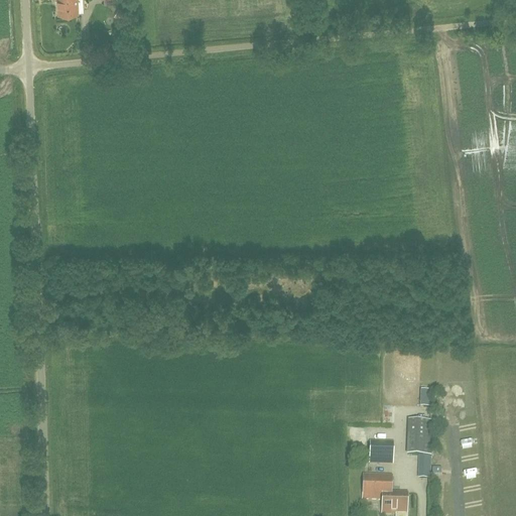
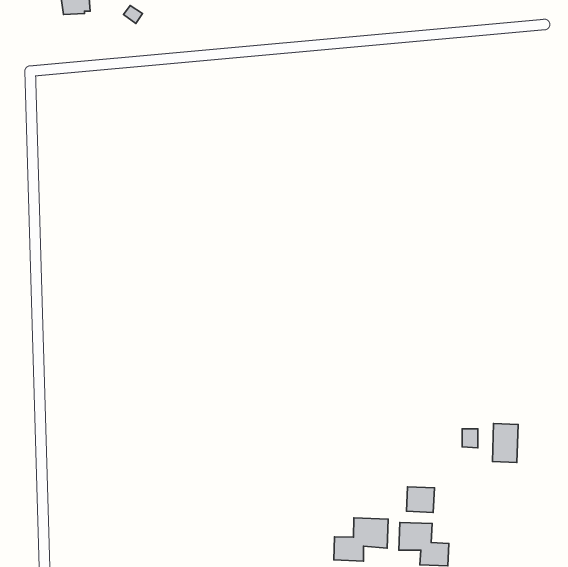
building: [407,419,430,455] -> [492,424,518,462]
building: none -> [334,518,388,561]

